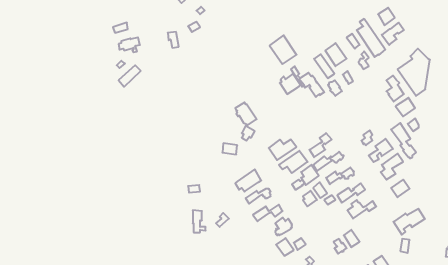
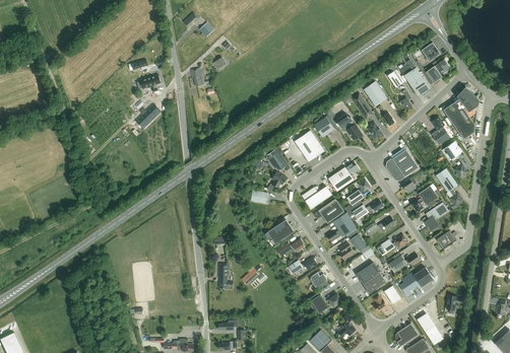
building: [270,35,297,64] -> [295,130,324,161]
building: none -> [386,149,419,180]
building: none -> [328,163,360,192]
building: none -> [356,262,386,294]
building: [393,209,425,235] -> [398,268,433,296]

